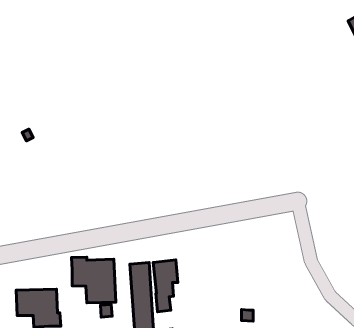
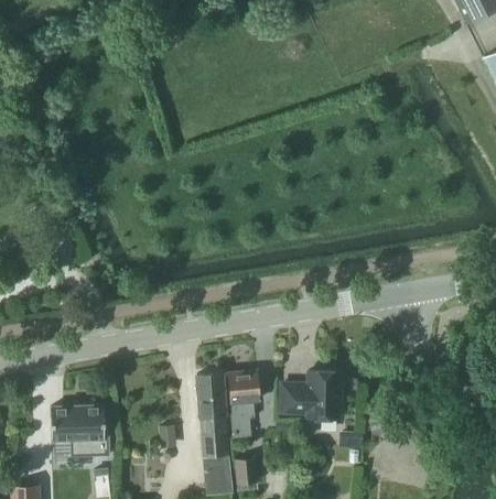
building: [71,257,116,303] -> none
building: none -> [281,370,339,417]

